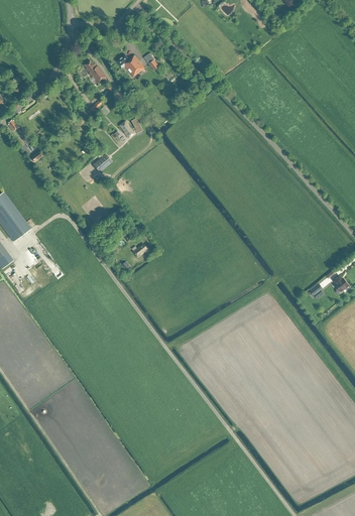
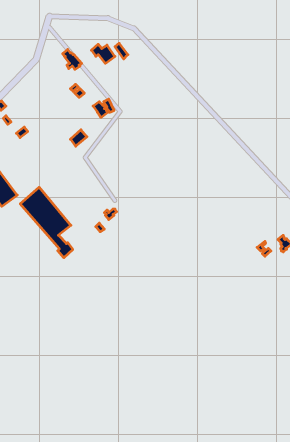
building: none -> [20,187,73,258]

